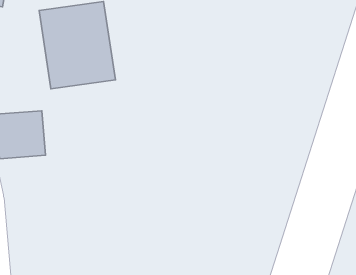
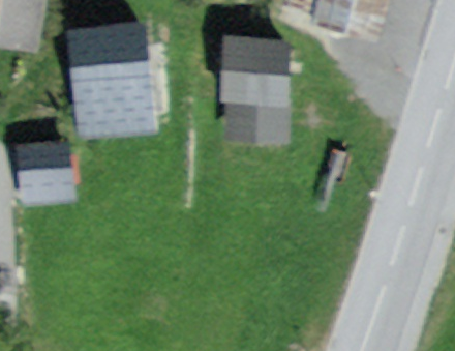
building: none -> [215,32,297,109]

